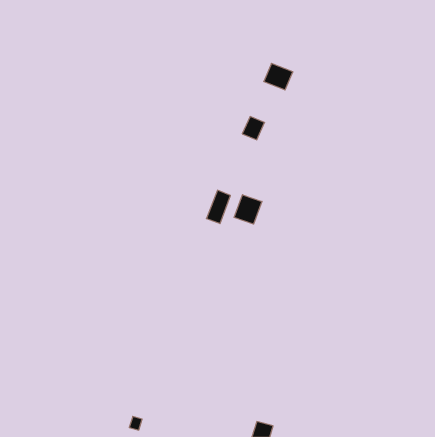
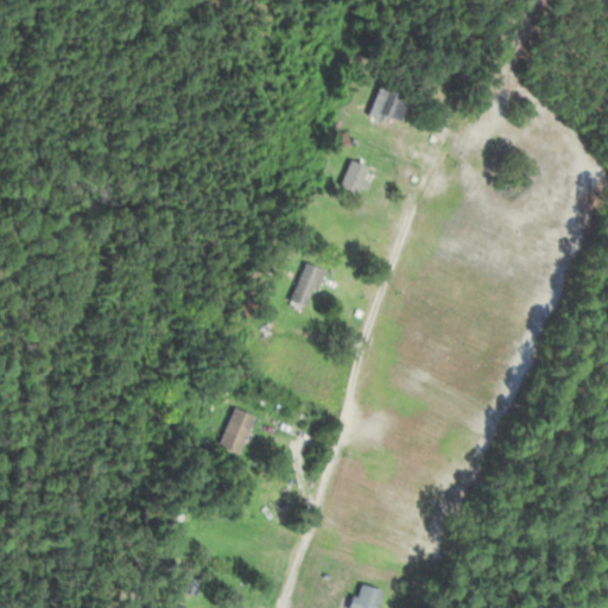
building: [234,195,262,224] -> none
building: none -> [218,408,254,456]

